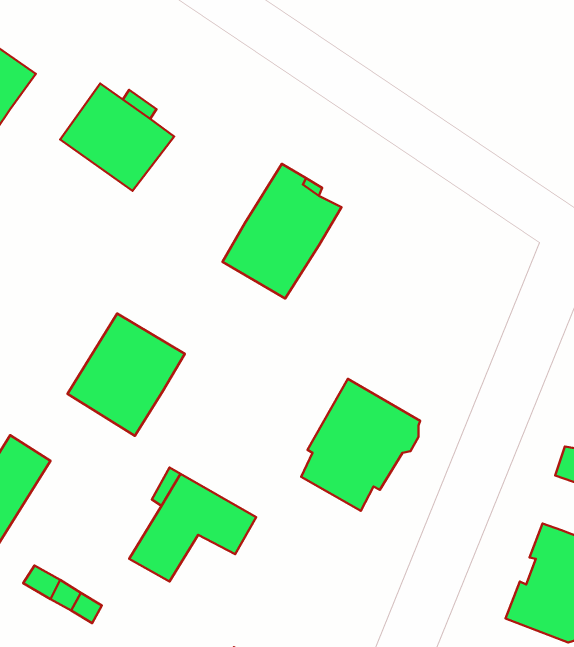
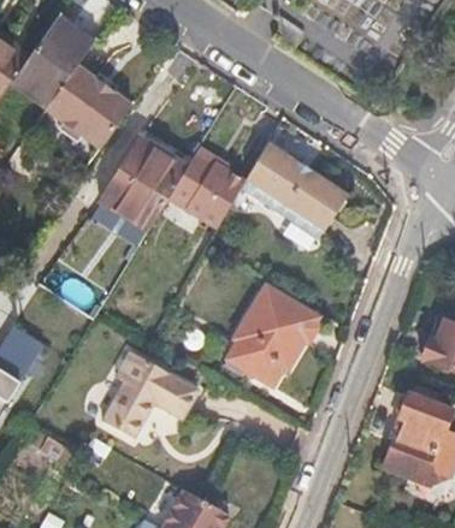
building: none -> [11,19,93,109]
building: none -> [242,143,349,238]
building: [67,314,185,436] -> [99,140,187,231]

